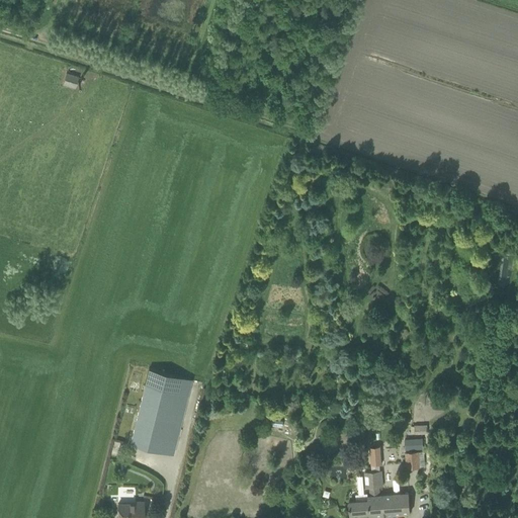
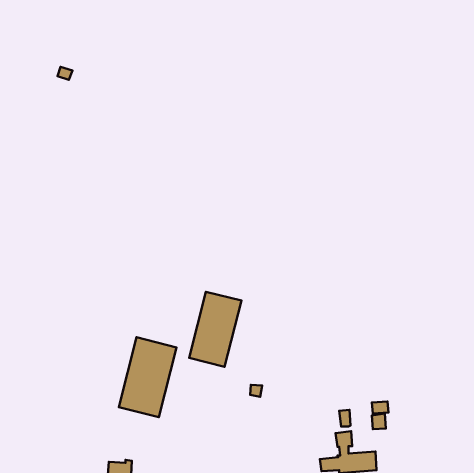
building: none -> [189,292,241,367]

